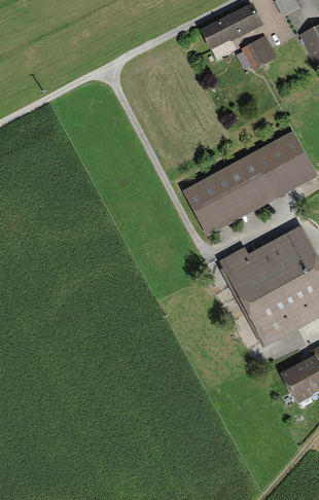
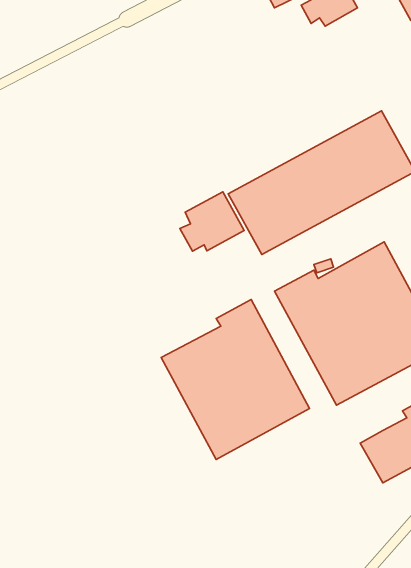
building: none -> [180,192,244,251]
building: none -> [161,299,310,459]

